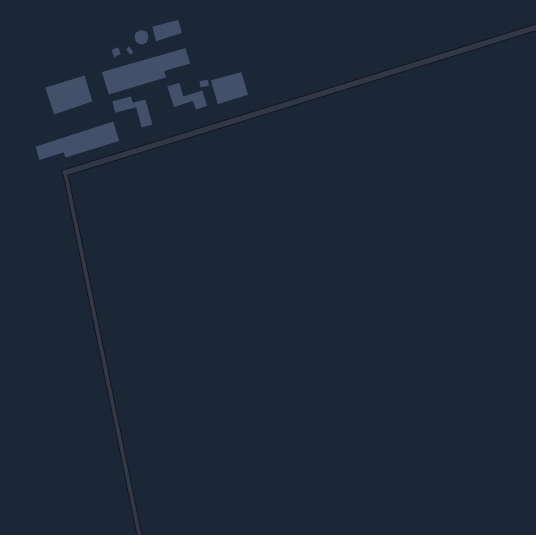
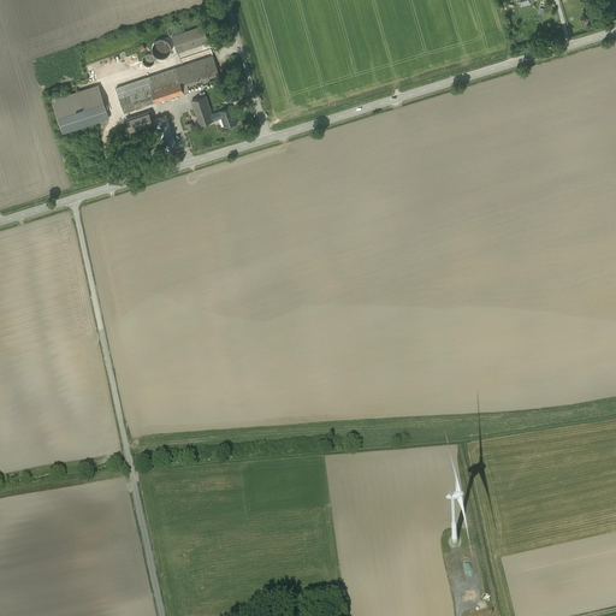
building: [210,71,249,105] -> none
building: [34,120,120,161] -> none

